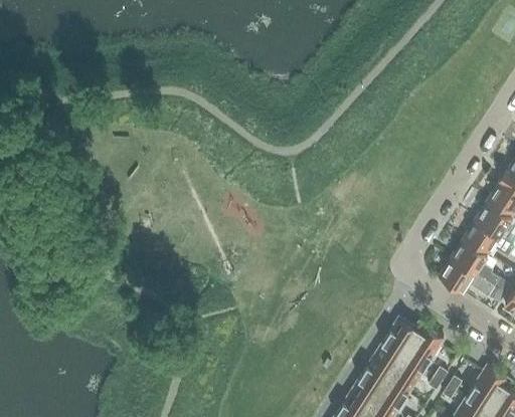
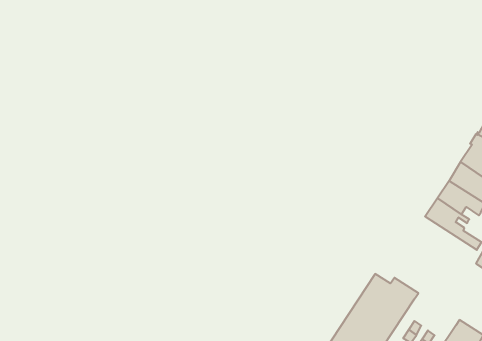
building: [440,258,506,304] -> none

